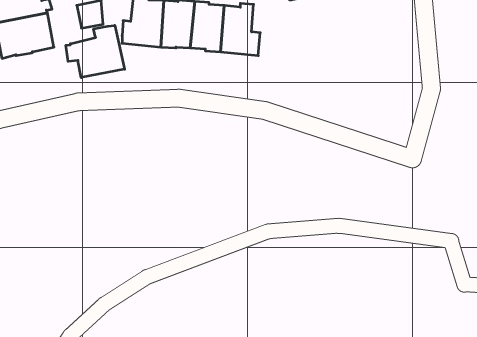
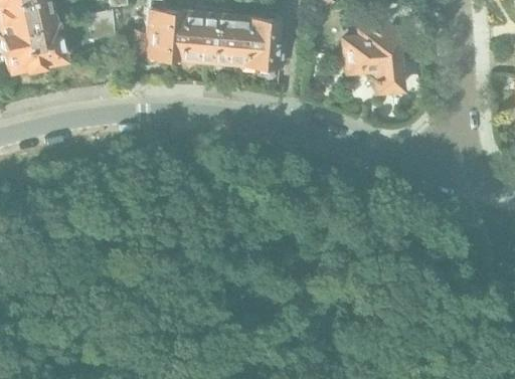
building: none -> [341,27,401,90]
building: [66,25,125,78] -> none

